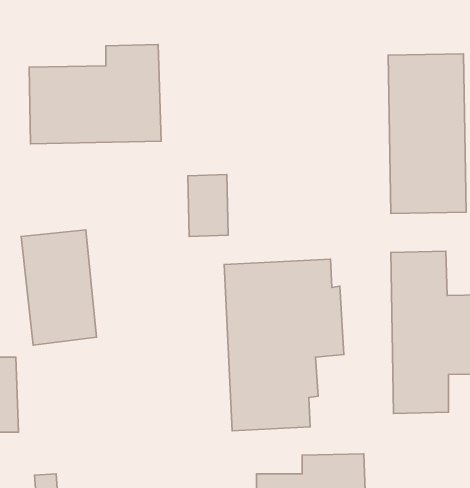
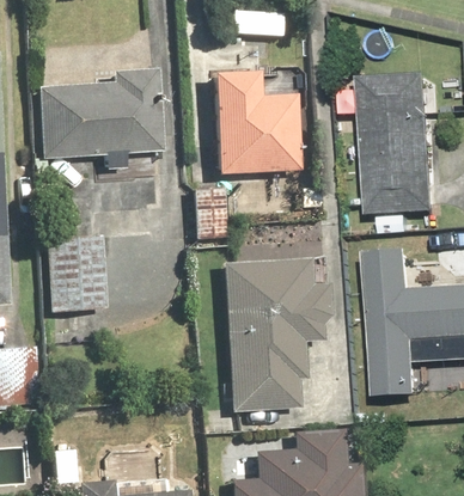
building: none -> [210,72,305,172]

